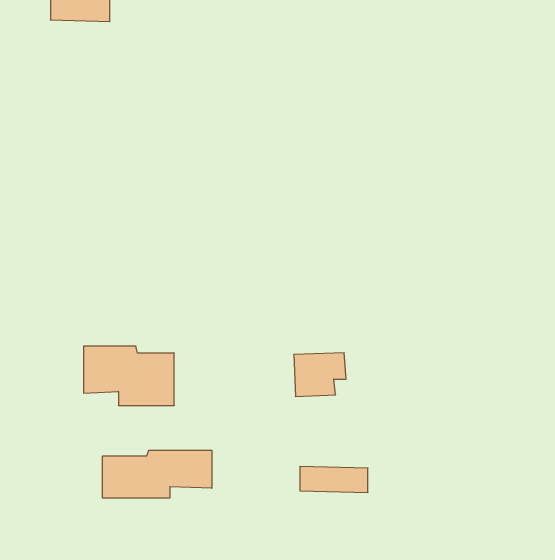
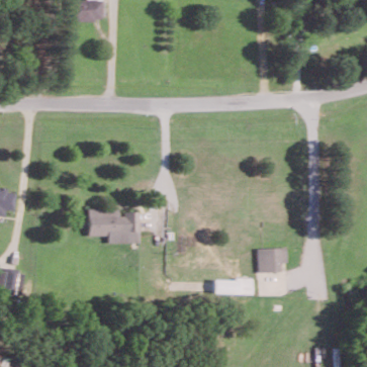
building: [294,353,346,396] -> [257,248,287,273]
building: [103,450,212,498] -> none

